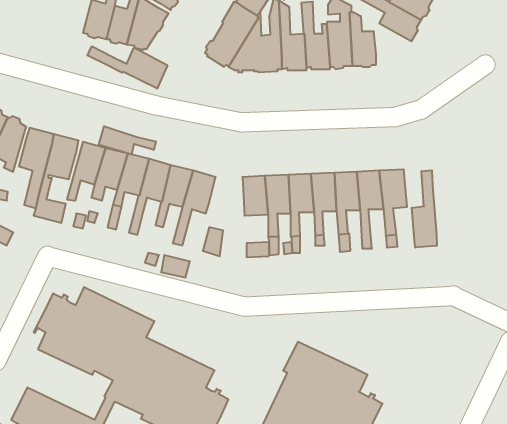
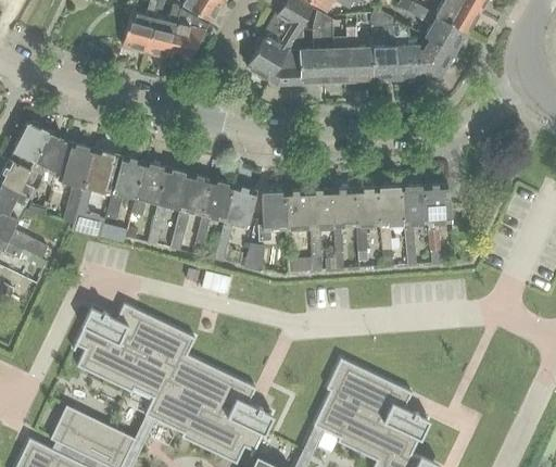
building: none -> [422,36,456,78]
building: [87,46,167,89] -> none
building: [99,126,156,154] -> none
building: [412,170,437,248] -> none
building: none -> [257,192,287,242]

